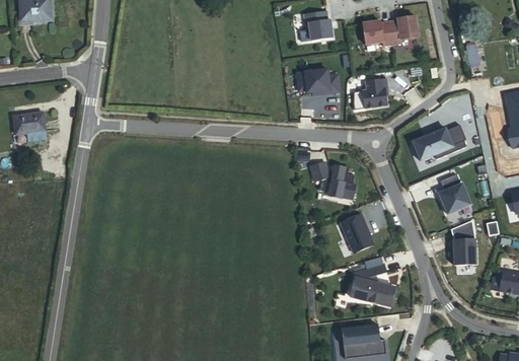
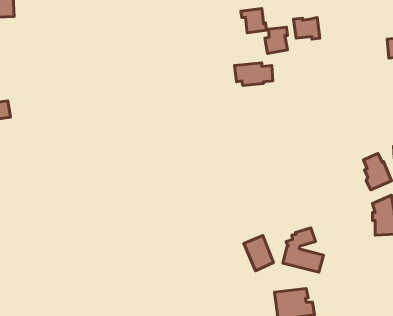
building: [389,16,419,45] -> none
building: [363,79,388,109] -> [265,27,287,54]
building: [414,123,467,158] -> none
building: [309,161,356,197] -> none
building: [341,213,374,252] -> [244,235,274,271]

